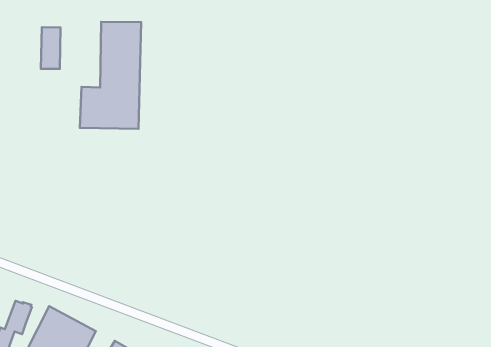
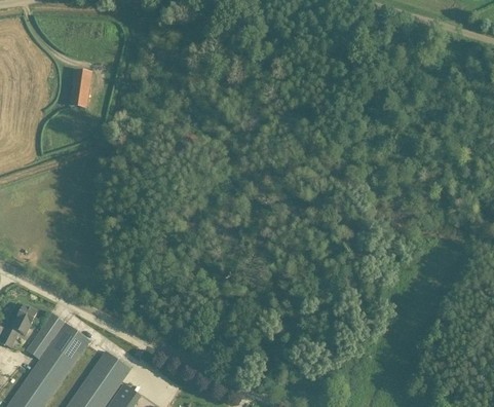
building: [80,22,141,129] -> none

